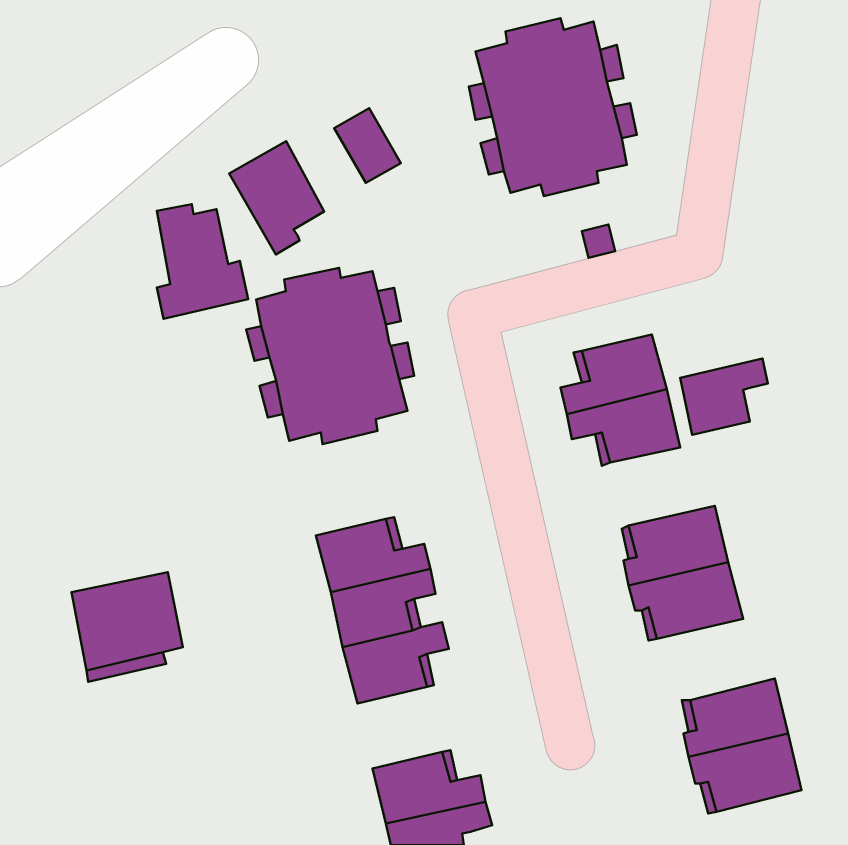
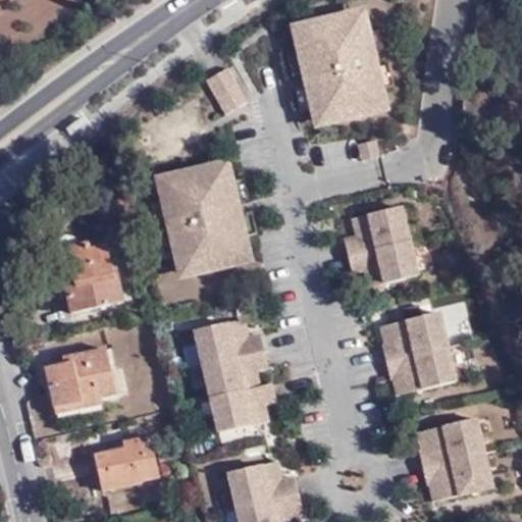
building: [229,141,324,254] -> none
building: [157,204,248,319] -> [67,244,123,314]
building: [680,358,768,435] -> none
building: none -> [100,434,161,492]

